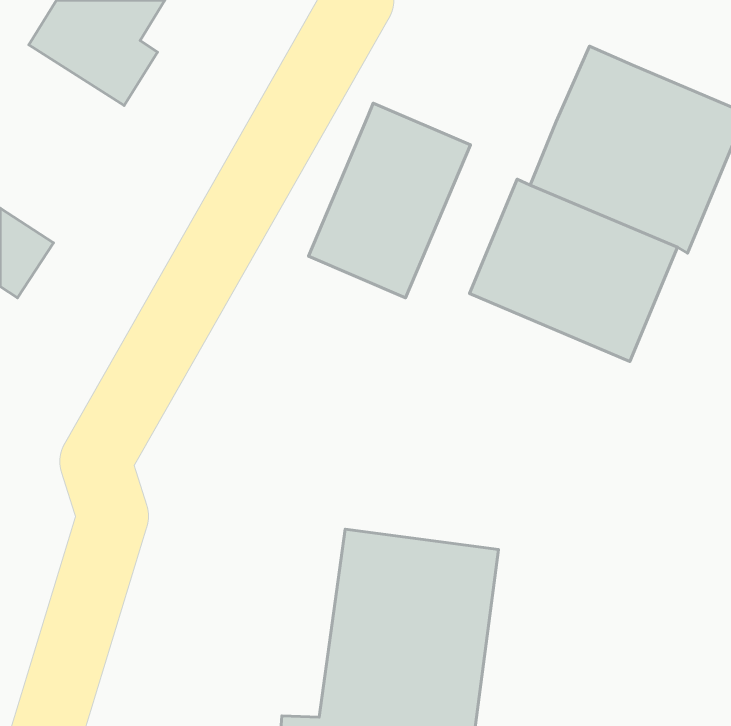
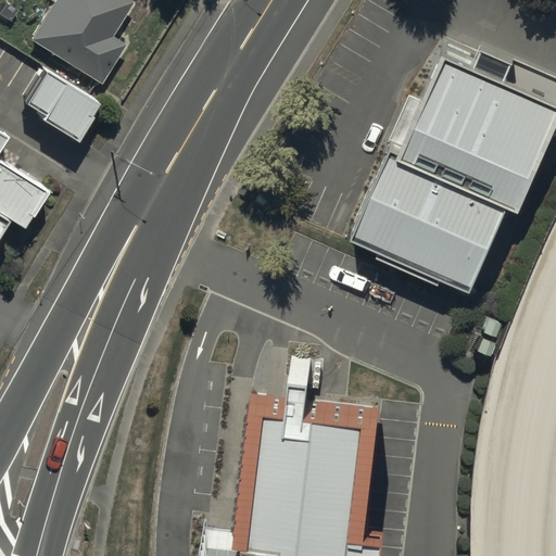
building: none -> [20,74,92,147]
building: [308,103,470,298] -> none

